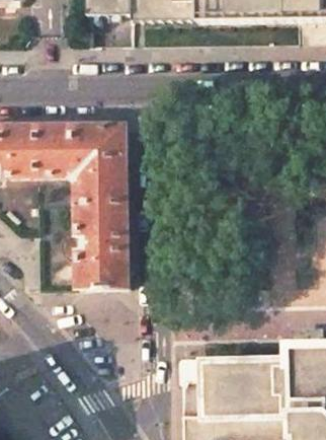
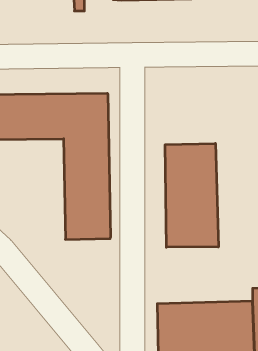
building: none -> [165,143,218,247]

